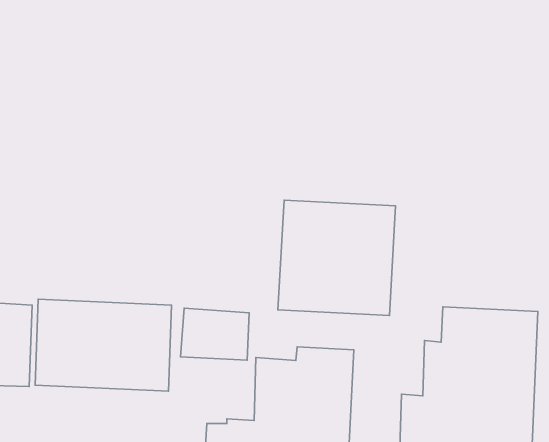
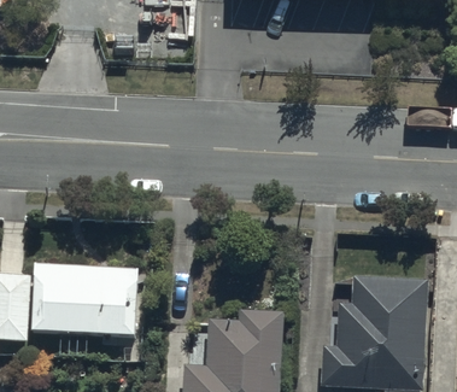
building: [278,200,396,316] -> none
building: [181,308,249,360] -> none

